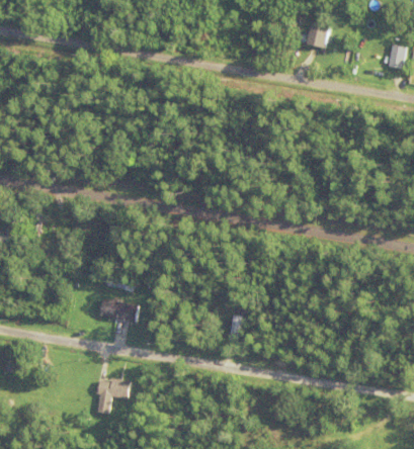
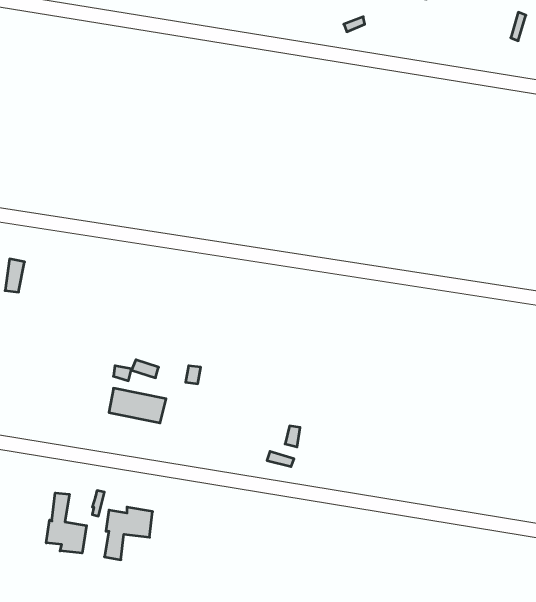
building: none -> [46,493,87,553]

